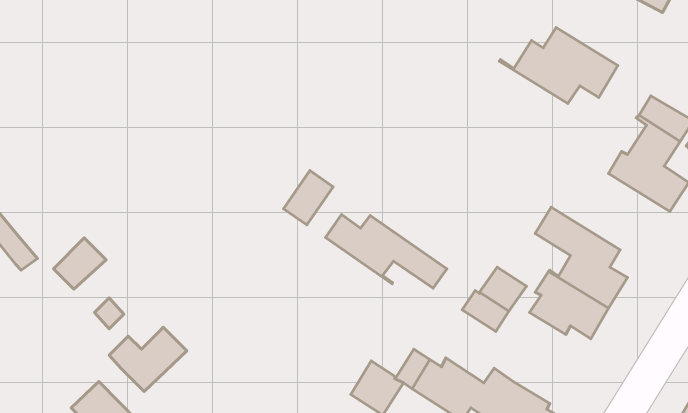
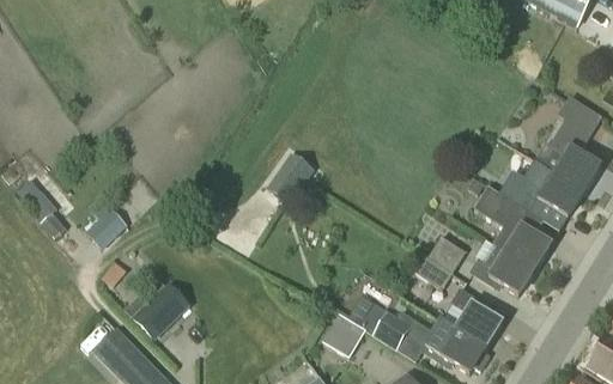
building: [499,27,618,103] -> [487,159,584,221]
building: [326,214,447,288] -> none
building: none -> [451,287,502,347]

